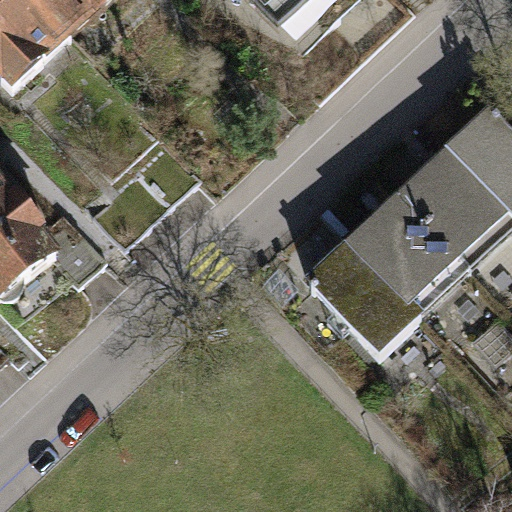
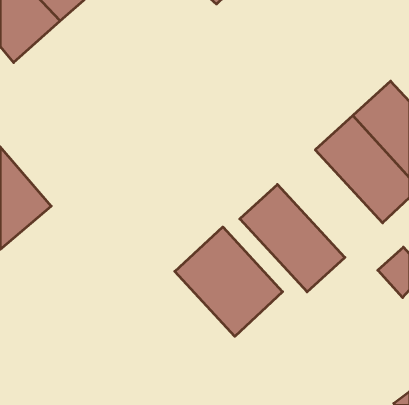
building: [347,187,478,321] -> none
building: none -> [175,227,283,336]

